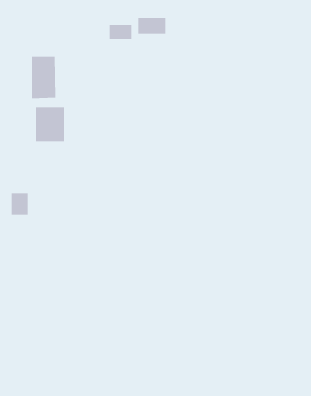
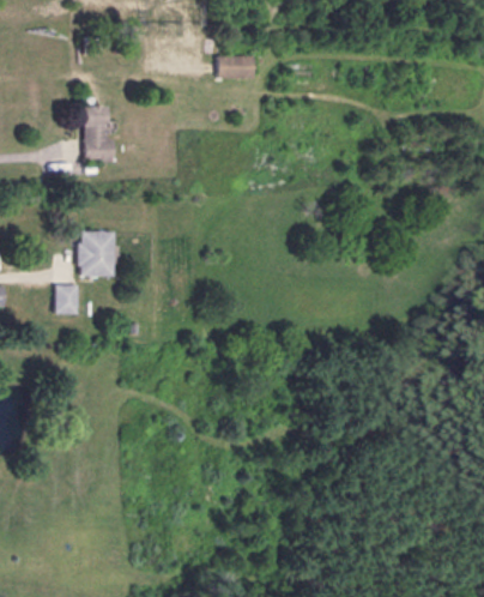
building: [109,24,132,40] -> none
building: [35,107,65,142] -> [78,230,116,276]

